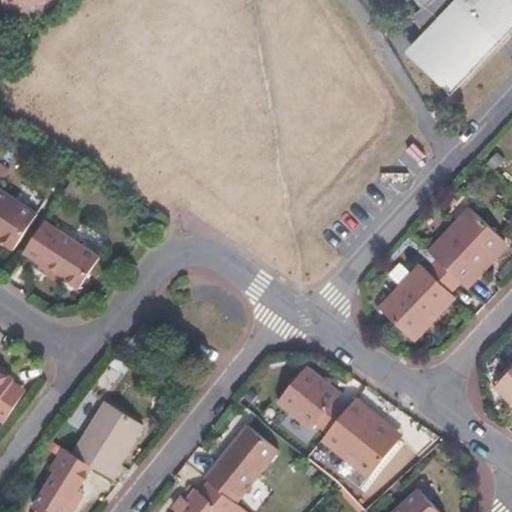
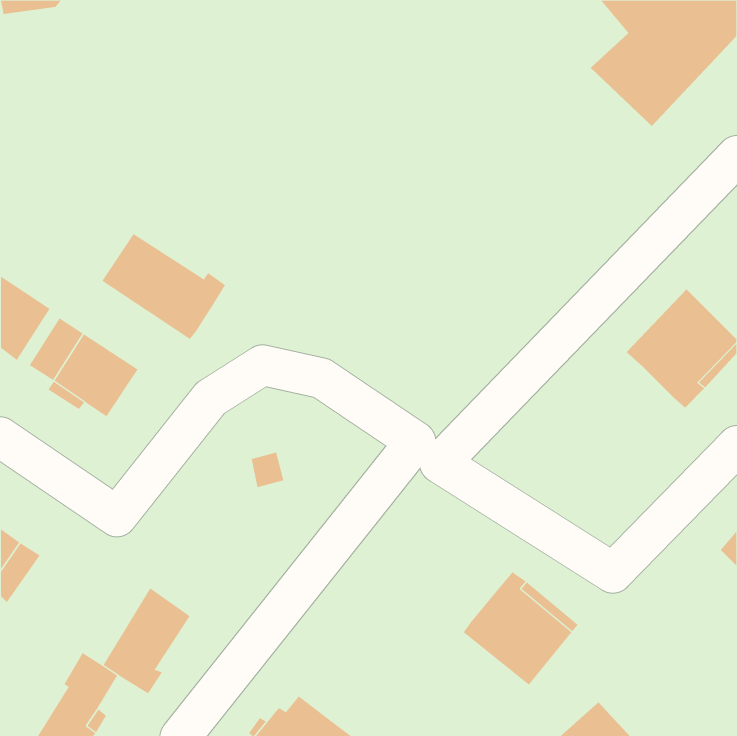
building: none -> [102,233,226,340]
building: [386,255,467,330] -> none
building: [276,365,345,432] -> none
building: [203,427,275,503] -> none

